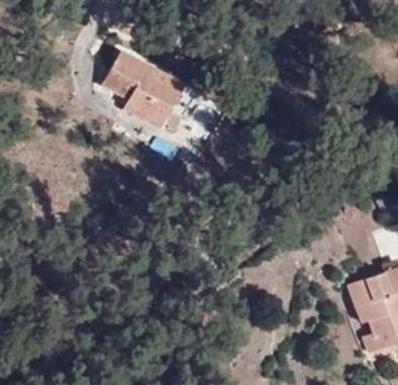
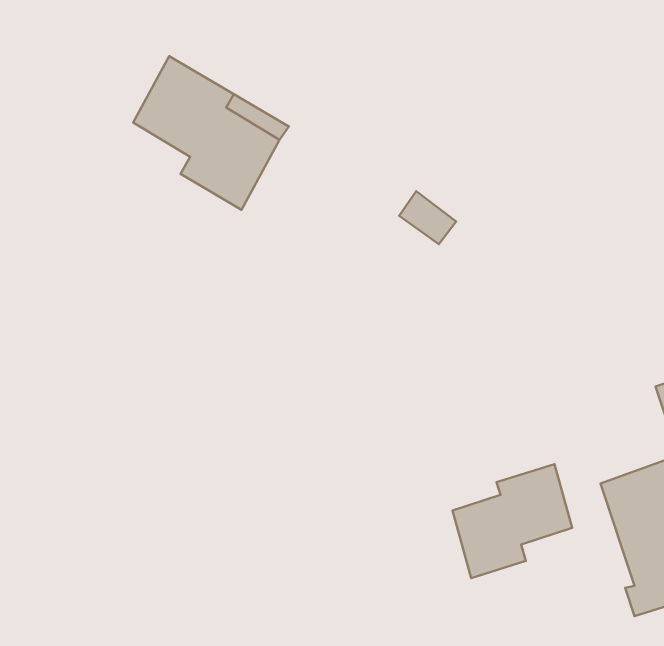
building: none -> [453,464,572,578]

